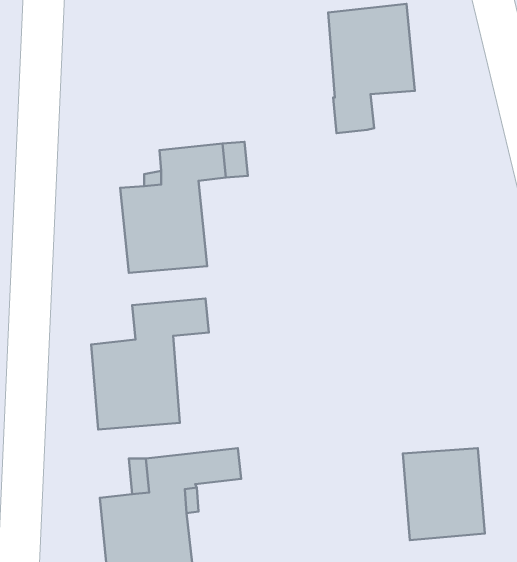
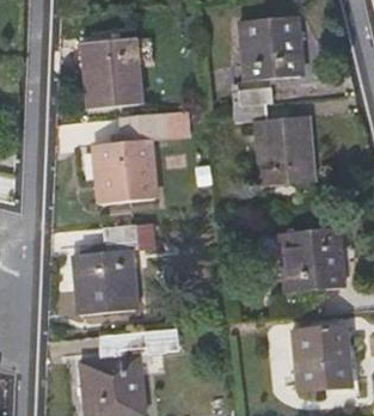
building: none -> [82,38,141,110]
building: none -> [235,104,314,186]
building: none -> [276,227,345,318]

